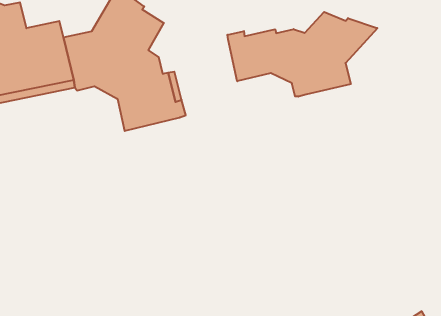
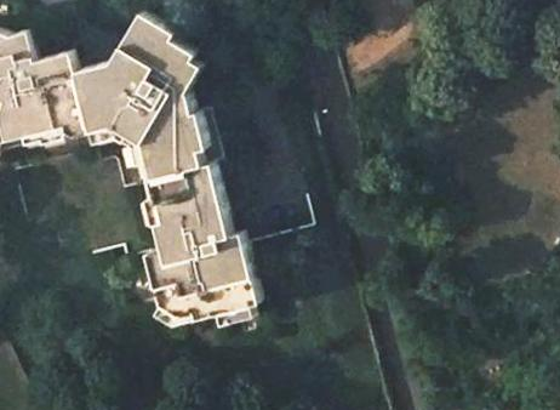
building: [227,12,377,97] -> none
building: none -> [143,167,256,323]

